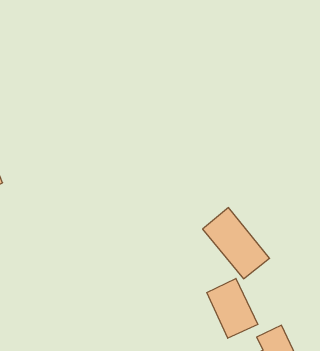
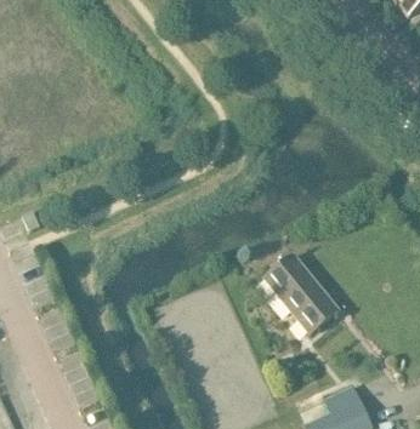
building: [207,278,258,338] -> none

